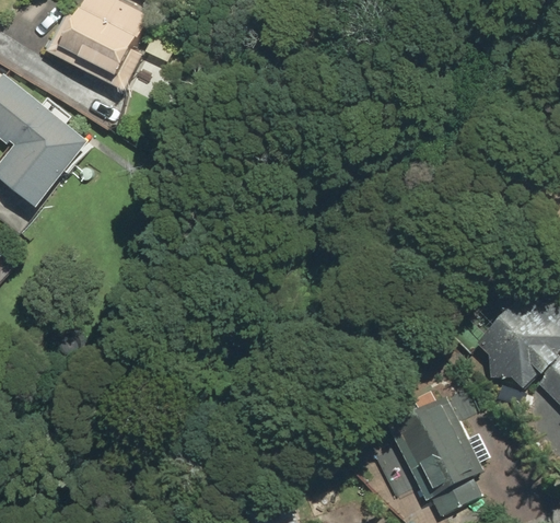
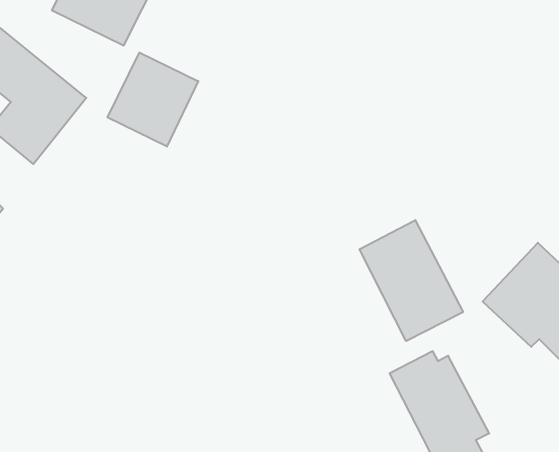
building: none -> [108,53,198,147]
building: none -> [359,220,463,341]

